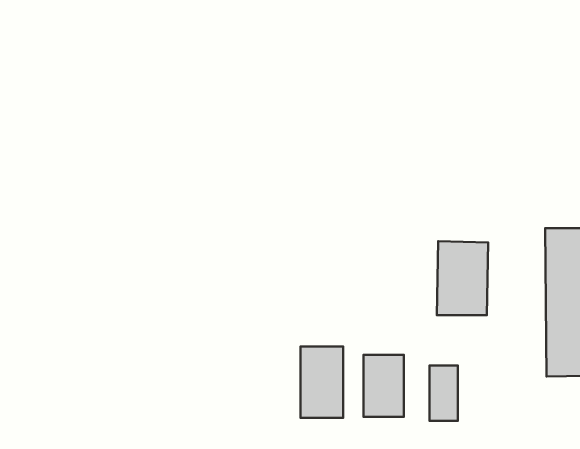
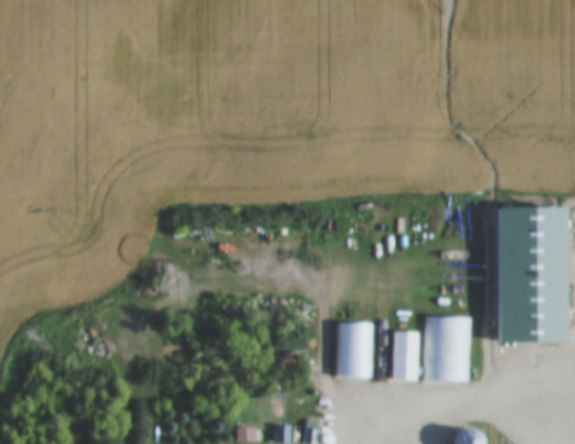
building: [437,241,488,315] -> [423,315,469,381]
building: [301,347,343,418] -> none

